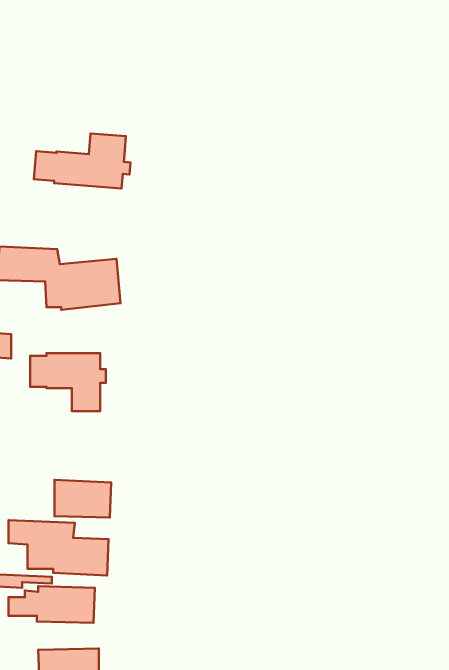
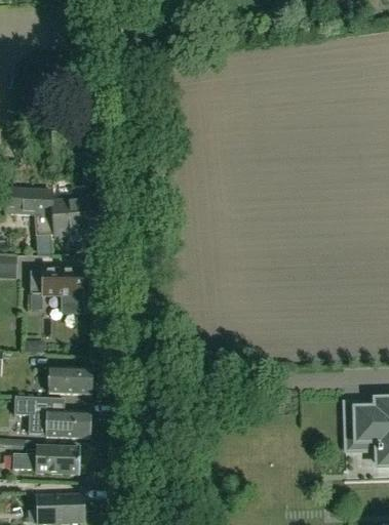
building: [34,133,131,189] -> none

